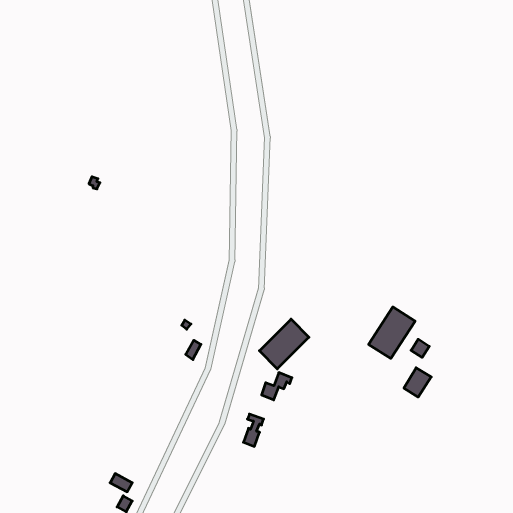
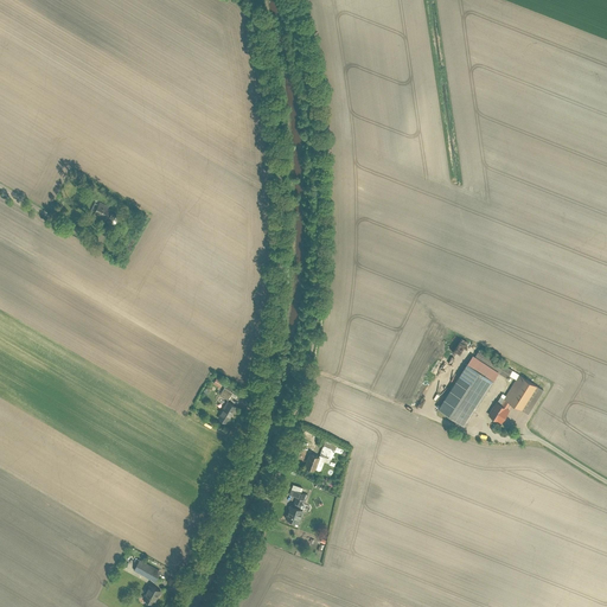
building: [259,319,309,369] -> none
building: [404,368,431,397] -> [503,376,535,410]

